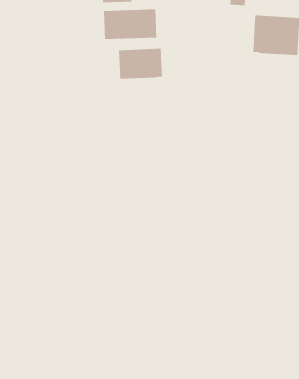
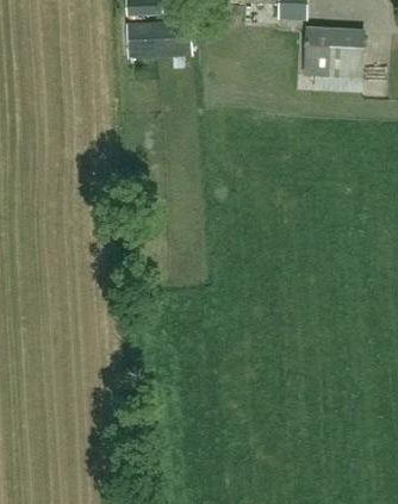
building: [119,48,162,80] -> none

